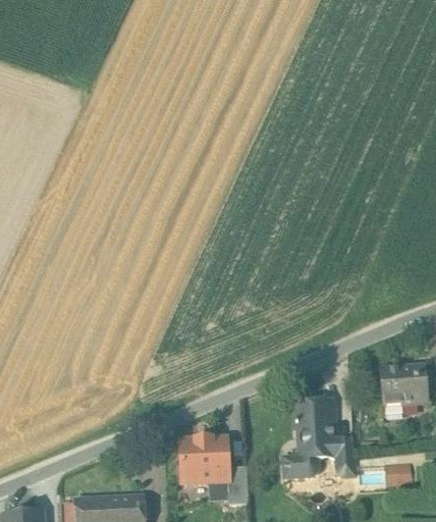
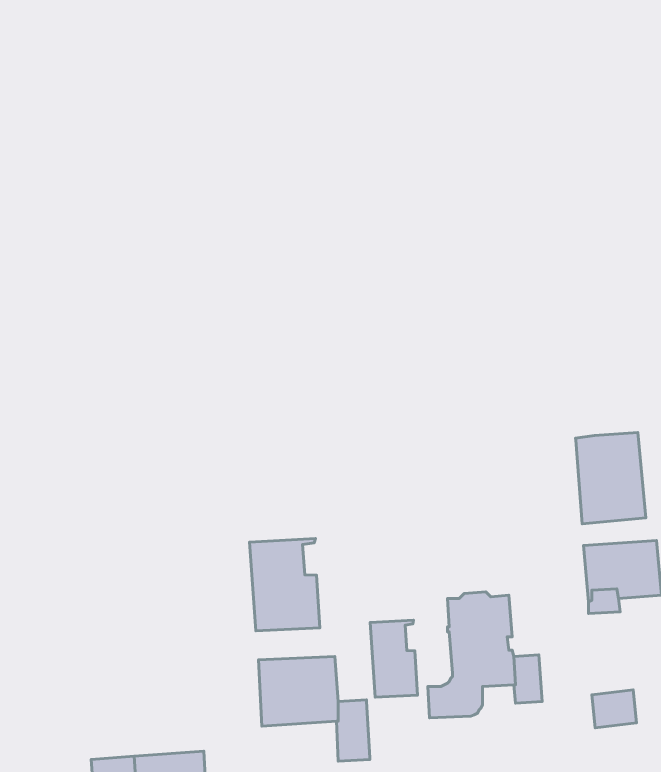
building: none -> [576,433,646,524]
building: none -> [249,539,320,631]
building: none -> [370,620,417,697]

